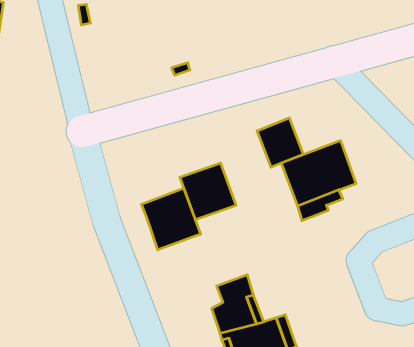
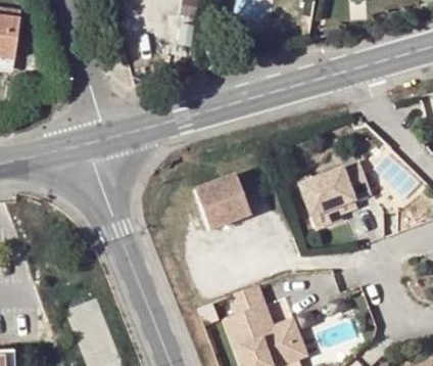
building: [257,118,303,167] -> none
building: [141,188,201,250] -> none

